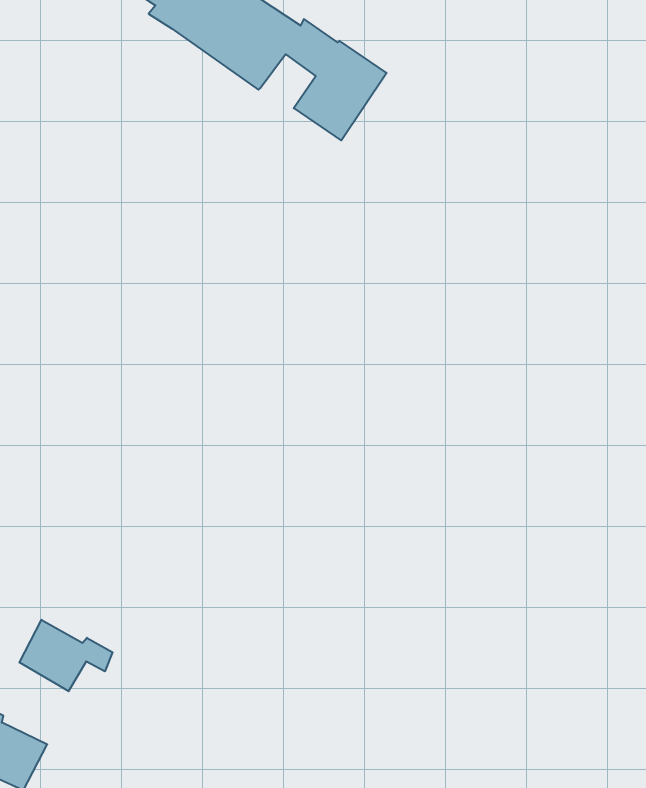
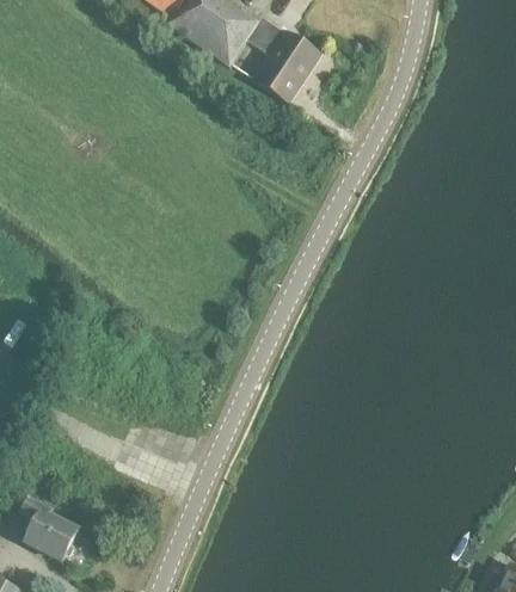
building: [19,620,113,691] -> none

